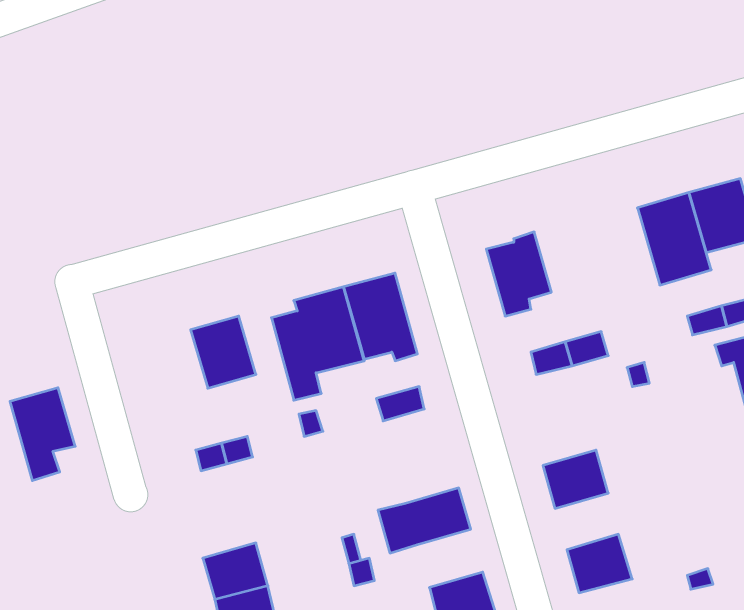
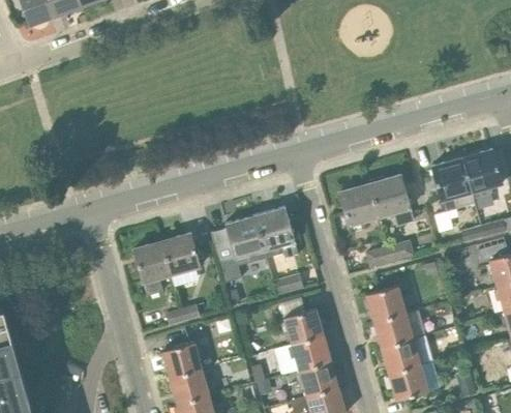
building: none -> [368,175,413,225]
building: [10,388,75,481] -> [132,240,172,296]
building: none -> [365,287,405,322]
building: none -> [283,308,323,345]
building: none -> [381,338,419,373]
building: none -> [161,343,201,378]
building: none -> [298,360,337,395]

